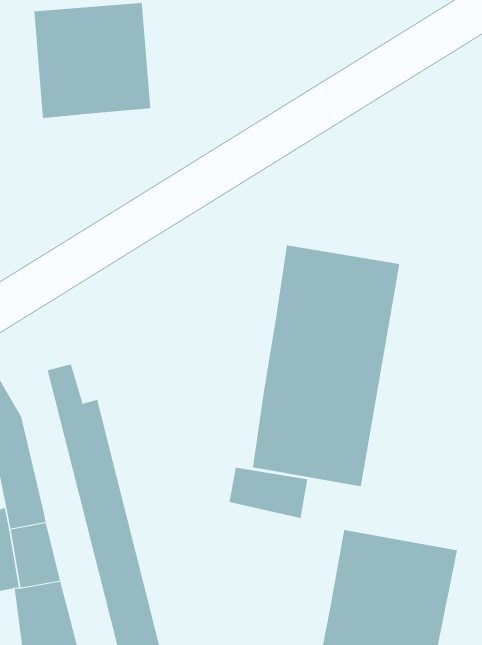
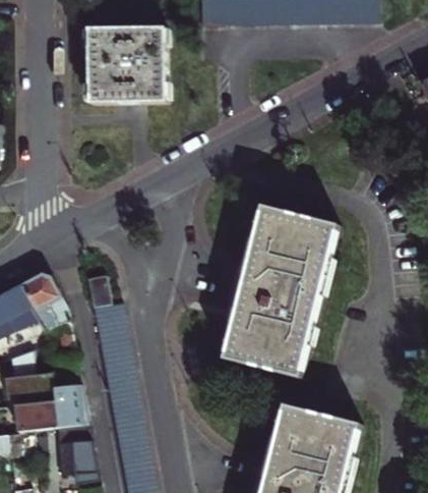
building: [229,467,308,519] -> none

